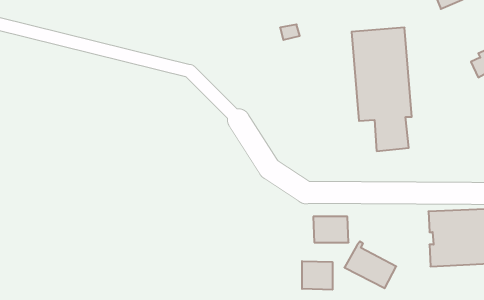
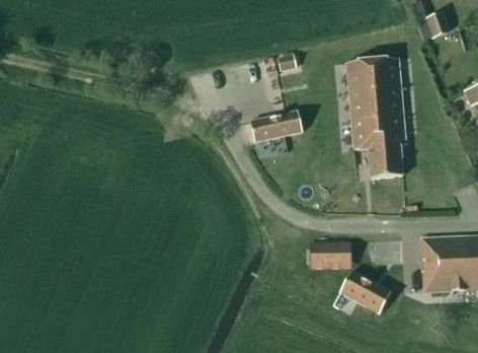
building: none -> [250,111,303,142]
building: [302,261,332,290] -> none

